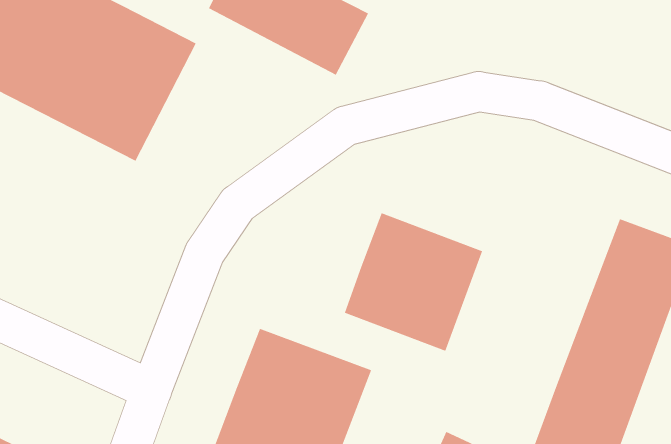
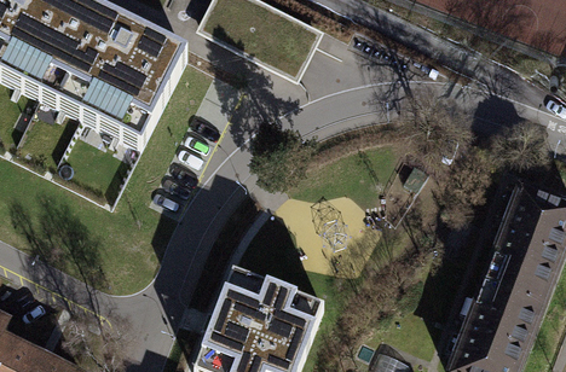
building: [344,212,483,352] -> none

